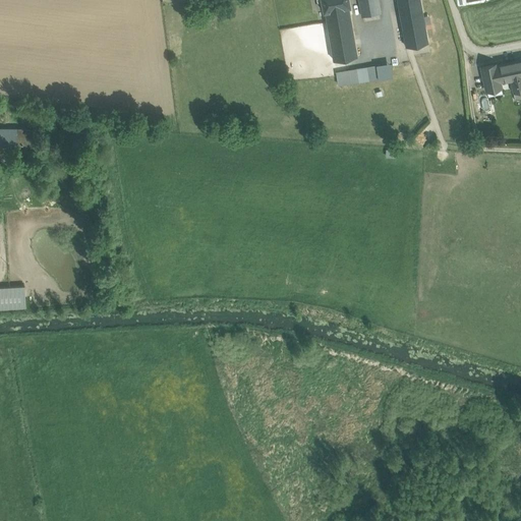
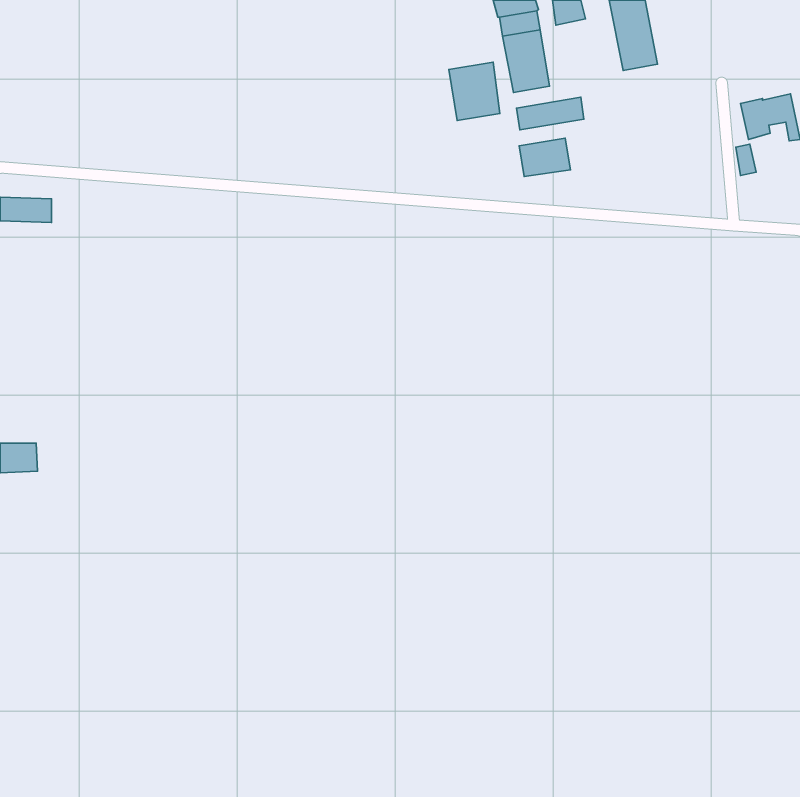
building: none -> [449,62,500,120]
building: none -> [519,138,570,177]

